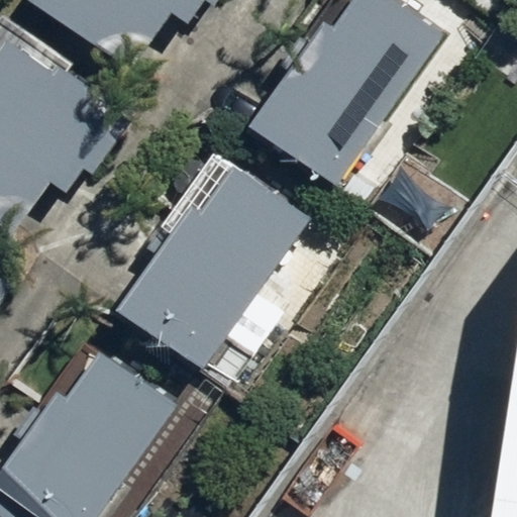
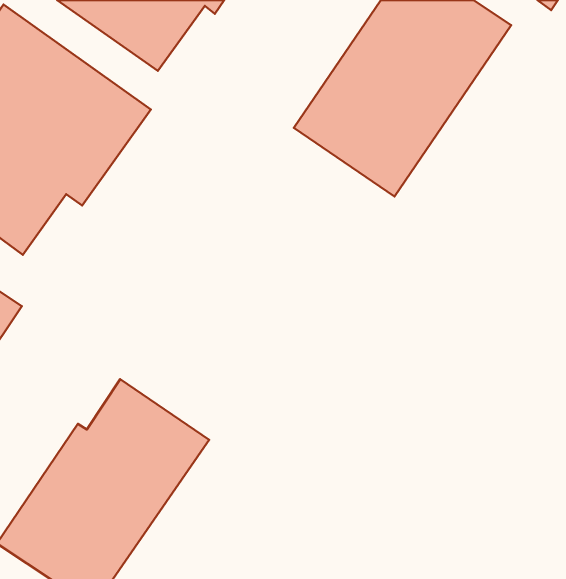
building: [124,150,317,360] -> none

